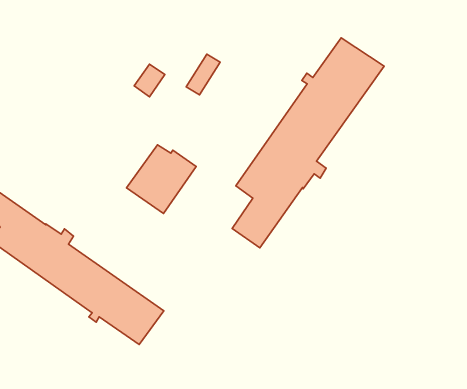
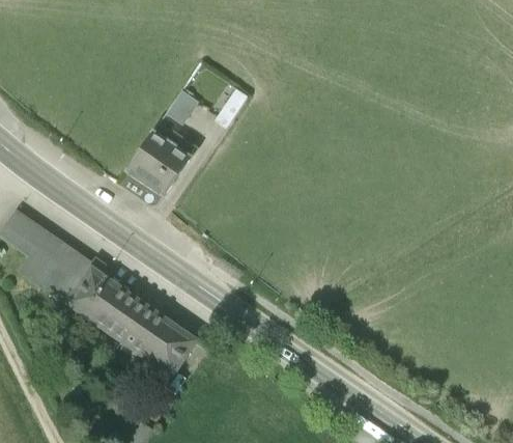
building: [232,38,384,248] -> none
building: [127,145,196,213] -> [125,127,196,196]

